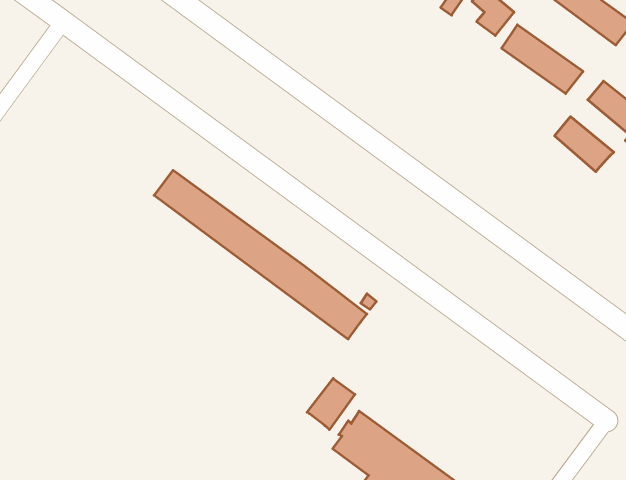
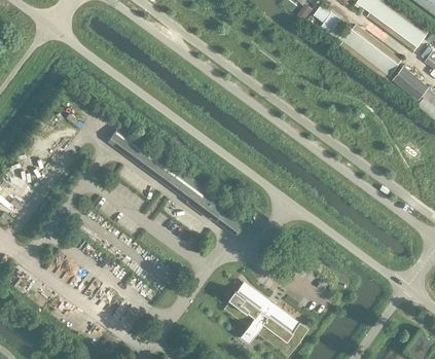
building: [555,117,614,172] -> none
building: [307,378,355,430] -> none

